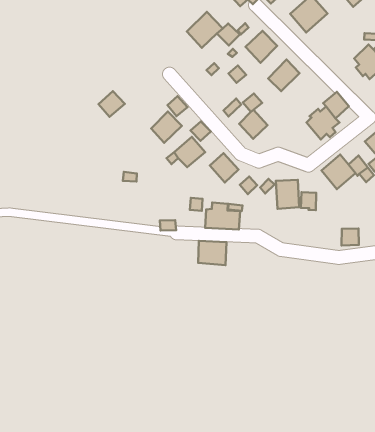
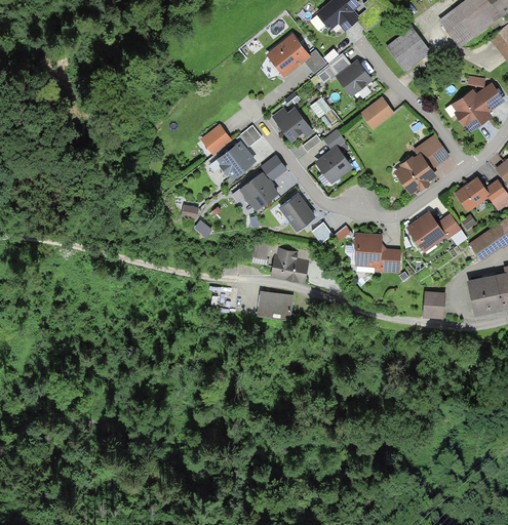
building: none -> [274,110,314,143]
building: [98,91,125,117] -> [203,126,233,155]

